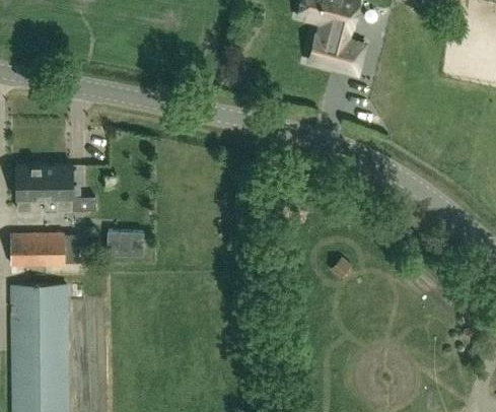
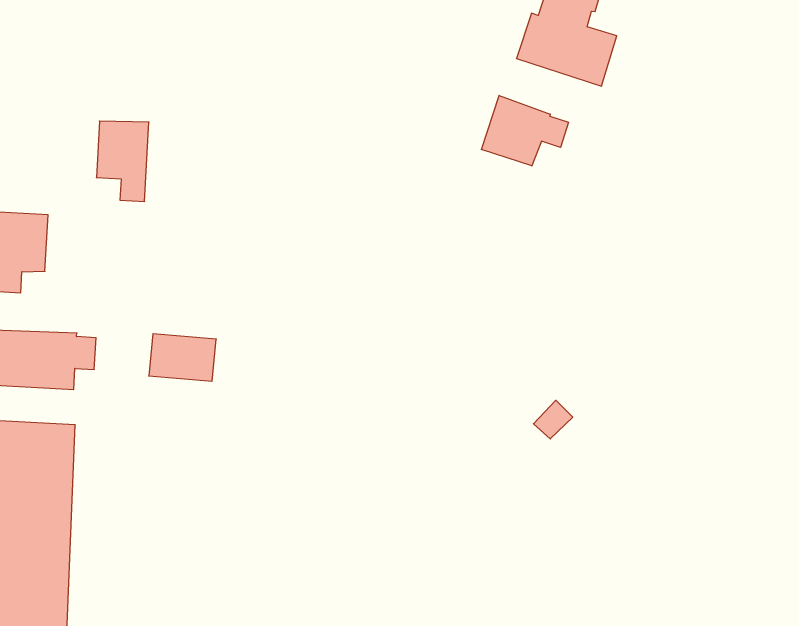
building: none -> [481,95,569,166]
building: [44,165,72,211] -> [96,121,149,201]

